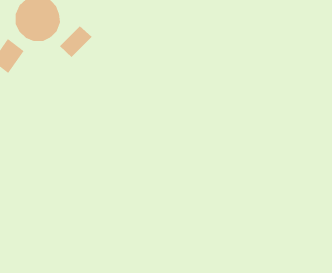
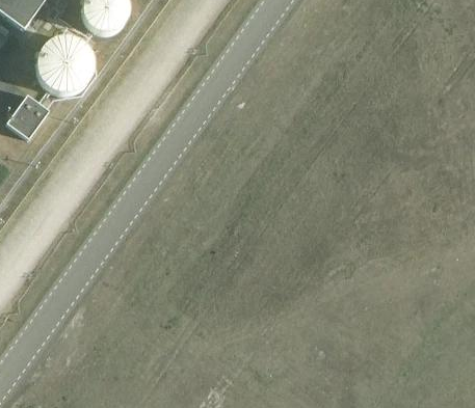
building: [59,26,92,58] -> none

